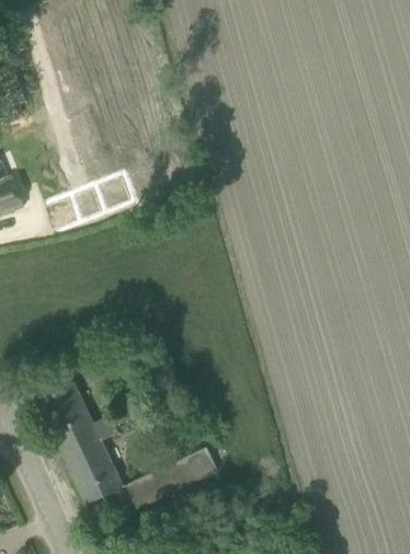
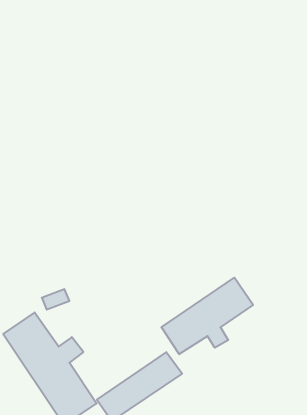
building: none -> [161,278,253,354]

